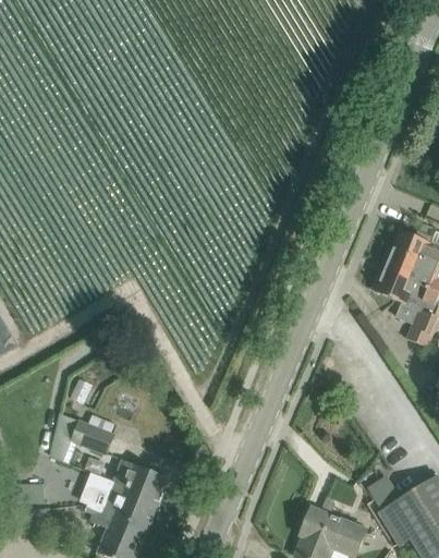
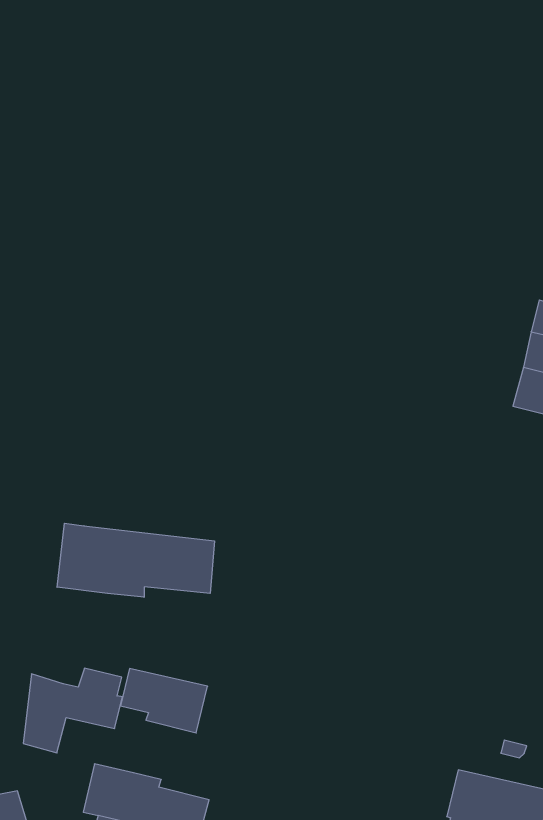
building: none -> [57,523,214,597]
building: [113,460,168,505] -> [120,669,208,733]

